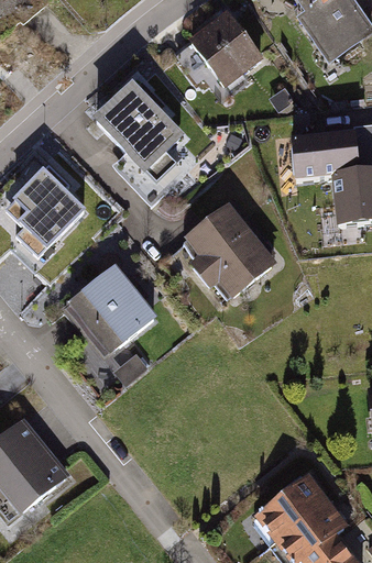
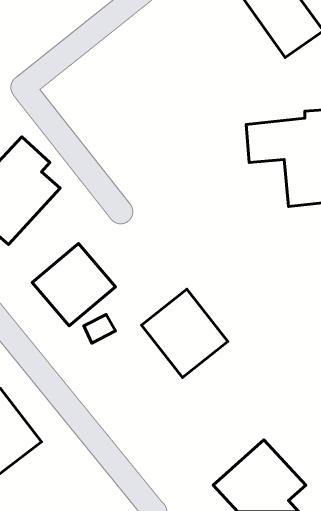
building: [173,11,267,95] -> none
building: [96,88,194,186] -> none
building: [178,202,271,297] -> [141,289,228,378]

